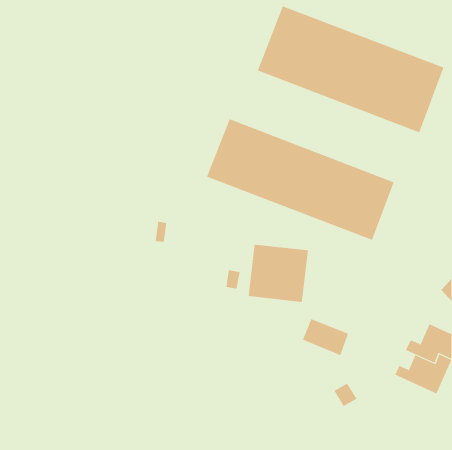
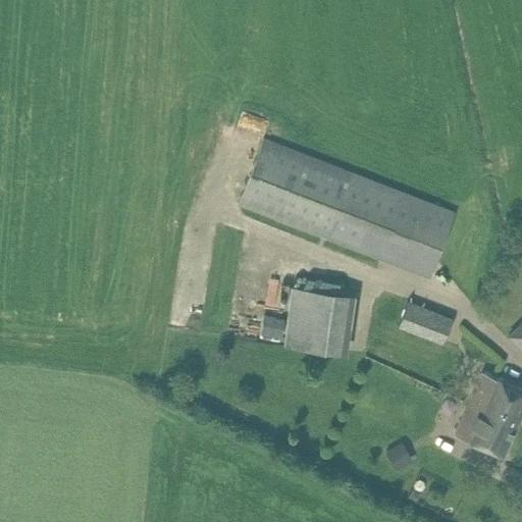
building: [257,6,444,133] -> none
building: [302,319,349,356] -> [399,302,453,345]

